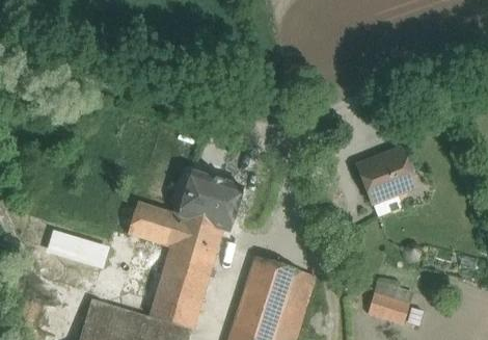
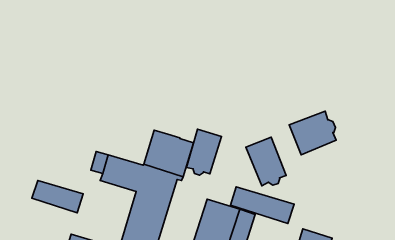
building: none -> [186,129,221,175]
building: none -> [246,137,286,186]
building: none -> [231,187,294,224]

